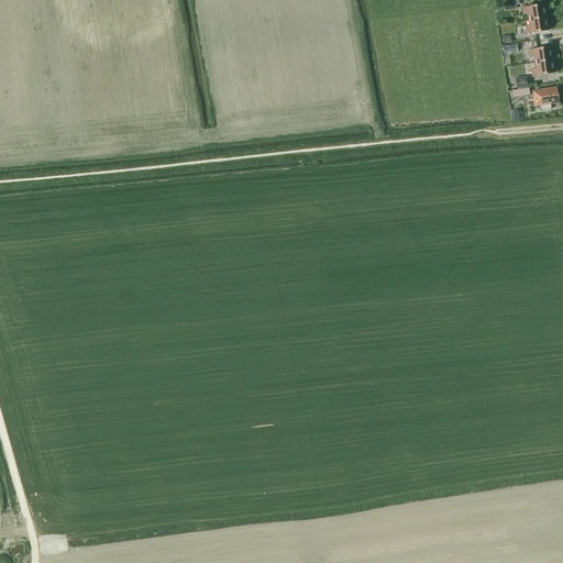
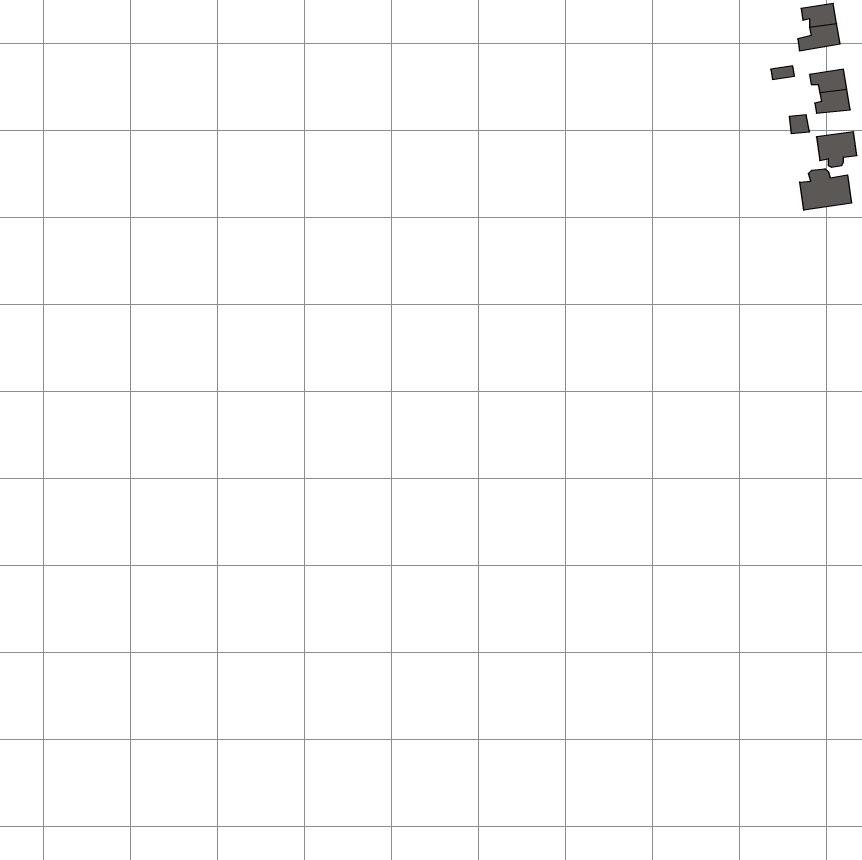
building: none -> [800,169,851,210]

